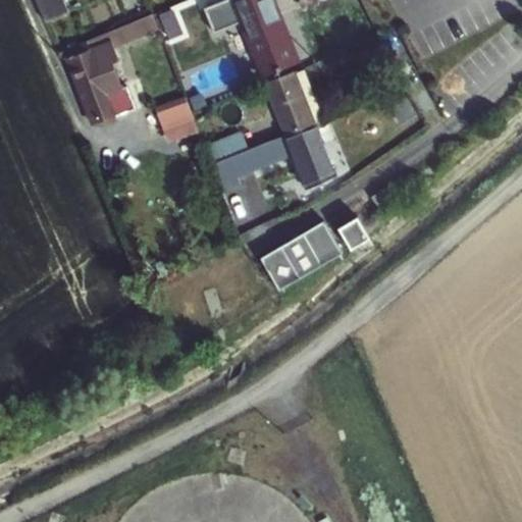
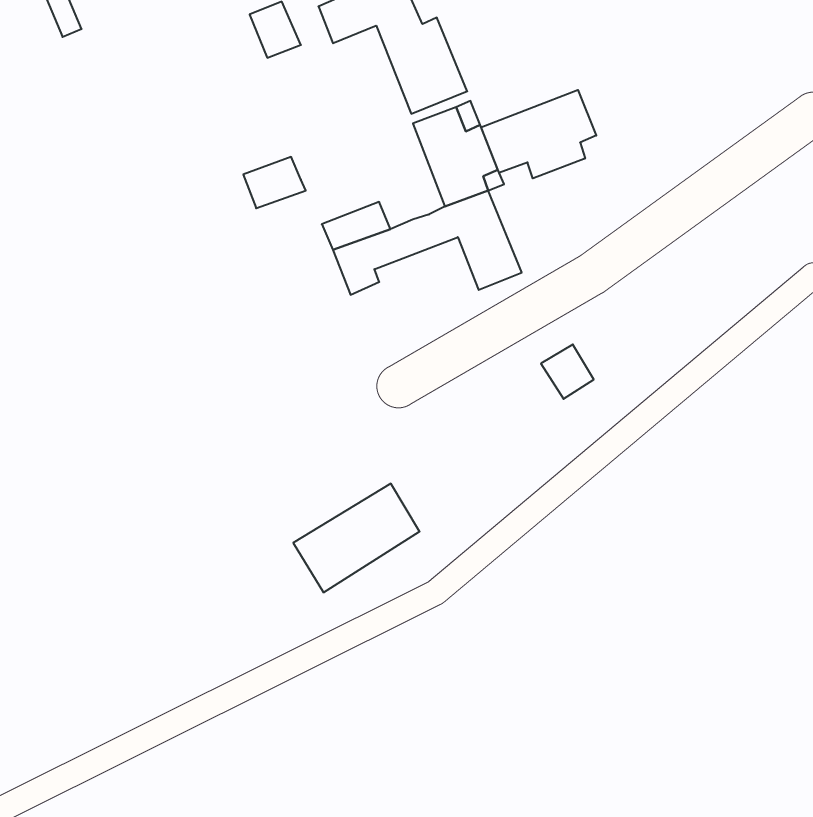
building: [65,15,159,125] -> none
building: none -> [481,90,596,178]
building: [269,228,350,298] -> [293,484,420,592]

